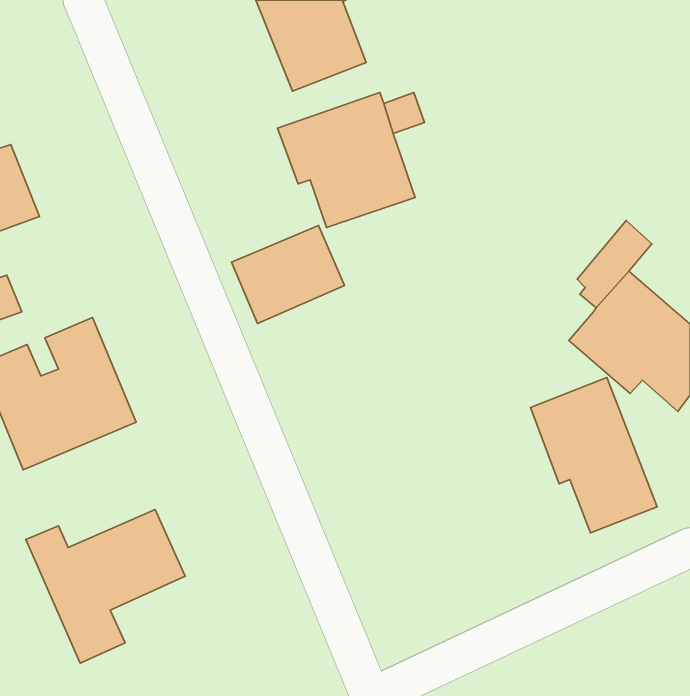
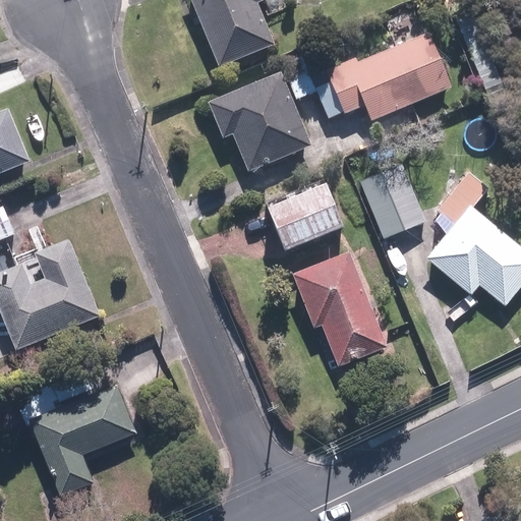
building: none -> [326,32,450,120]
building: [232,225,344,324] -> [265,179,349,252]
building: none -> [360,173,425,238]
building: [531,377,657,533] -> [293,249,388,365]

